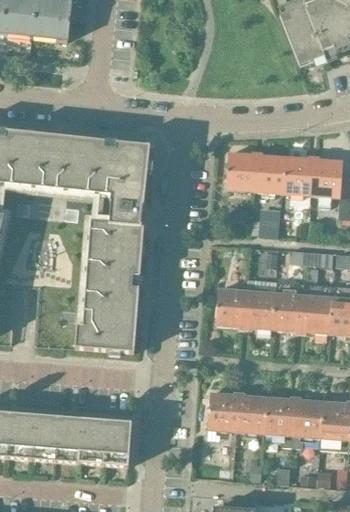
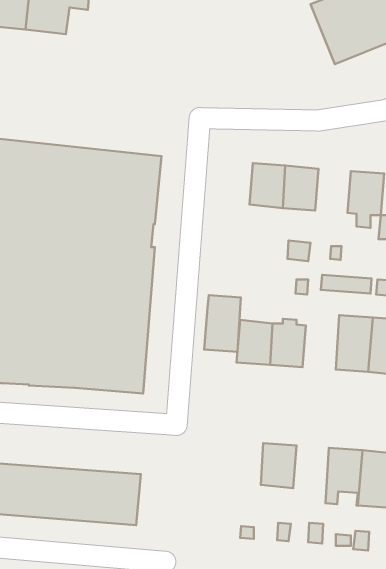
building: [283,157,314,195] -> none
building: [272,282,304,331] -> [204,295,241,352]
building: [207,392,238,431] -> none
building: [264,397,295,447] -> none

